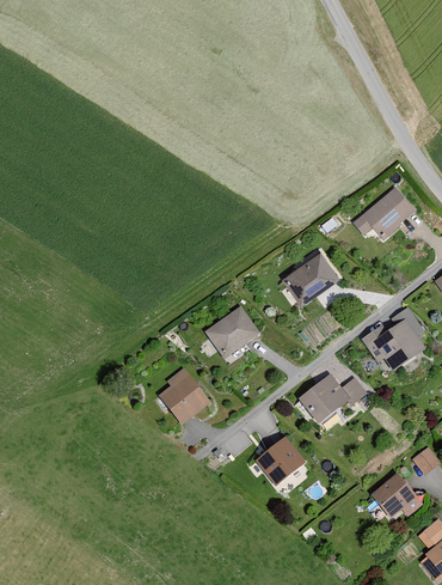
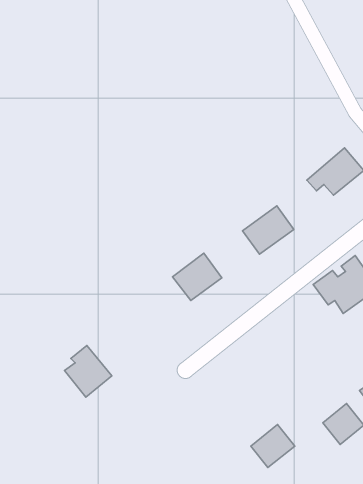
building: [158,367,210,425] -> [64,346,112,397]
building: [297,373,367,425] -> none
building: [254,437,303,485] -> [251,425,295,468]

